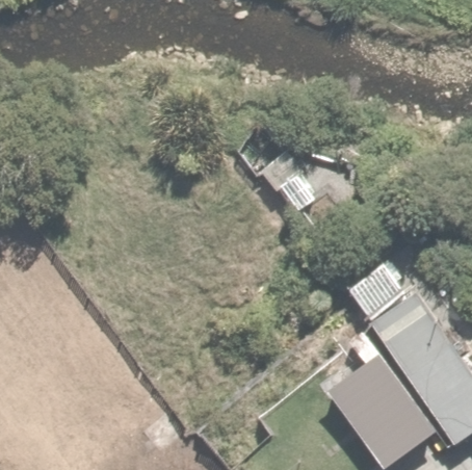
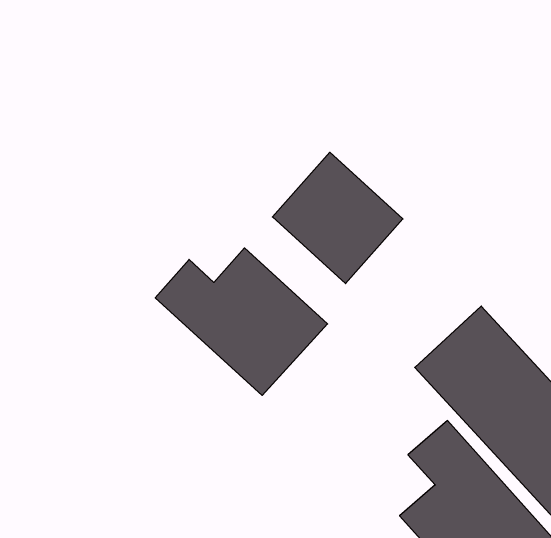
building: none -> [155,248,328,395]

